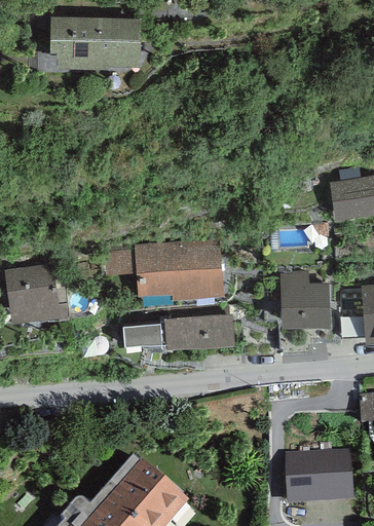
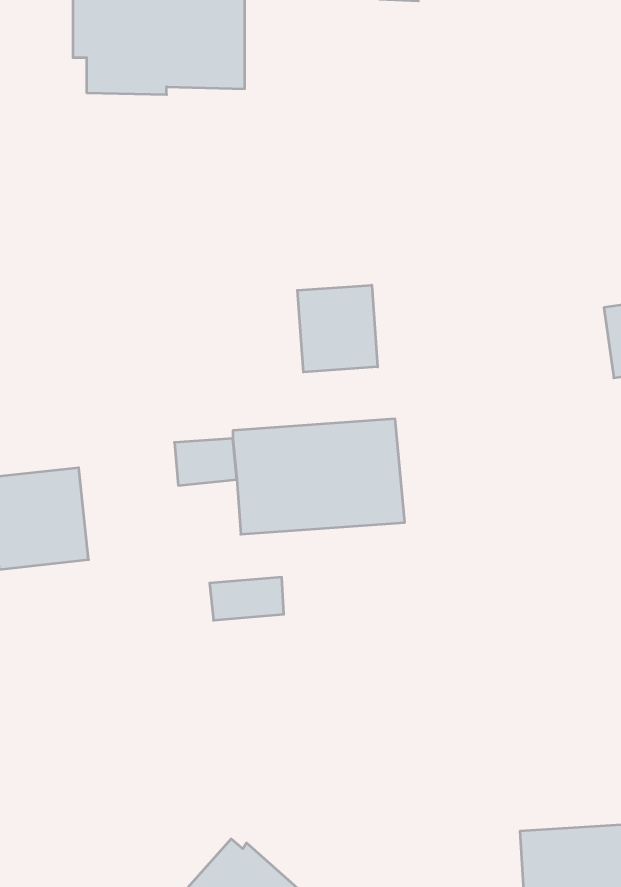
building: none -> [297,285,378,372]
building: [279,272,329,325] -> none
building: [163,312,233,347] -> none

